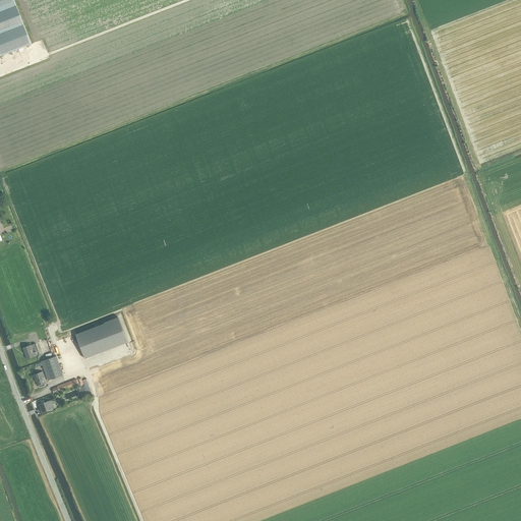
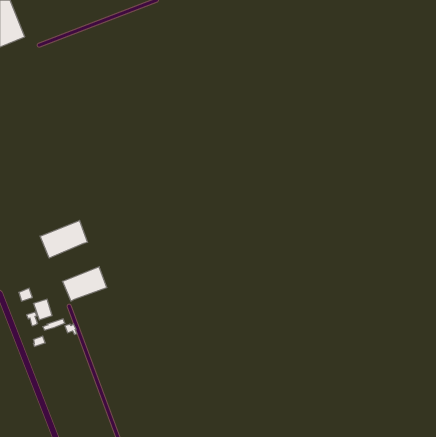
building: none -> [40,220,87,258]

